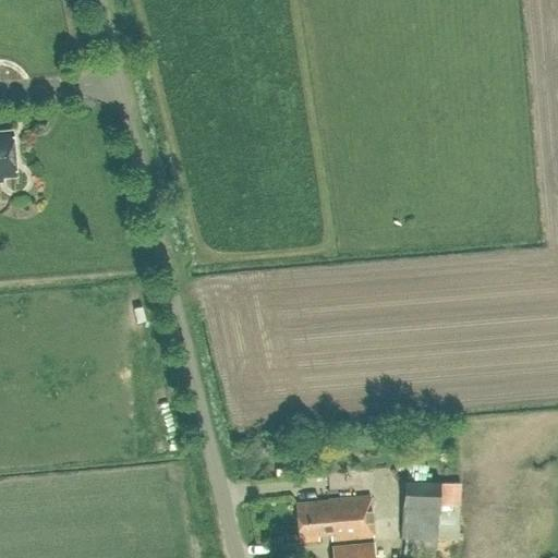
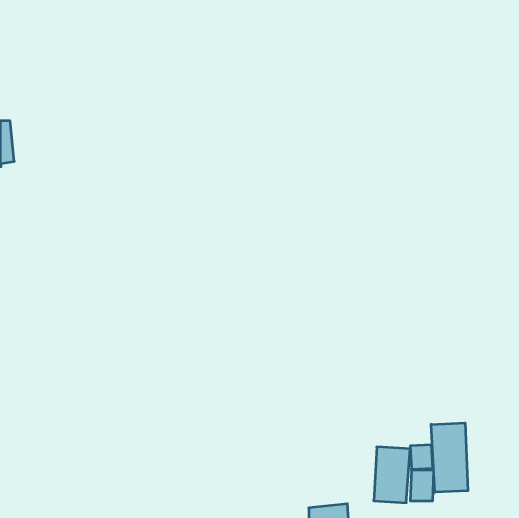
building: none -> [431,423,468,492]
building: [295,497,373,544] -> none

